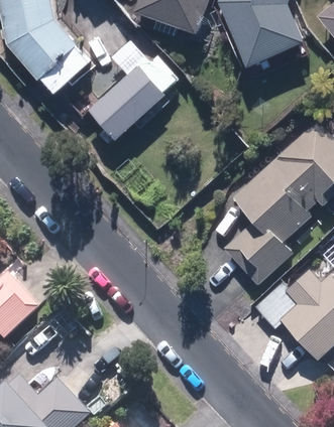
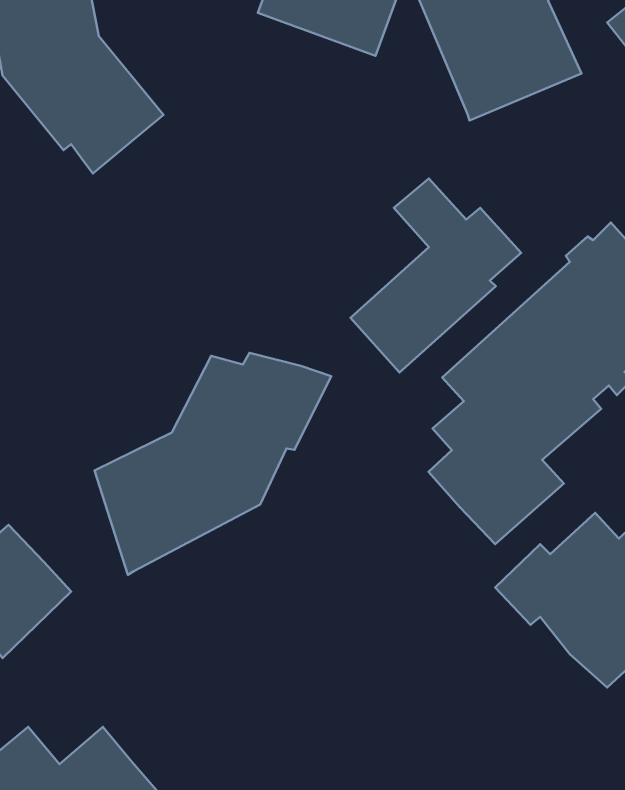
building: [90,39,178,139] -> [350,178,521,373]
building: none -> [94,353,331,575]

